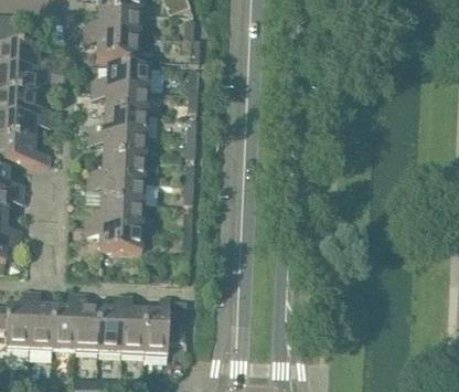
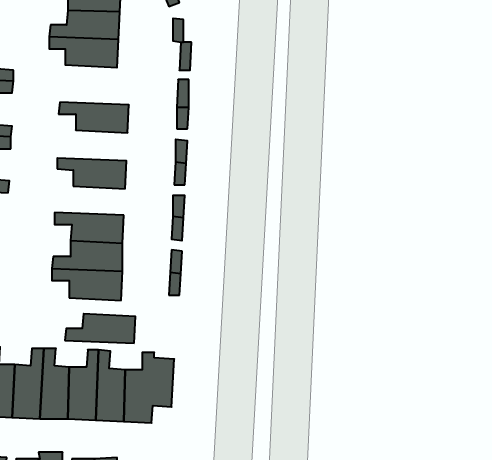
building: [92,65,150,91] -> none
building: [89,112,148,137] -> none
building: [87,158,146,182] -> [65,314,135,343]

